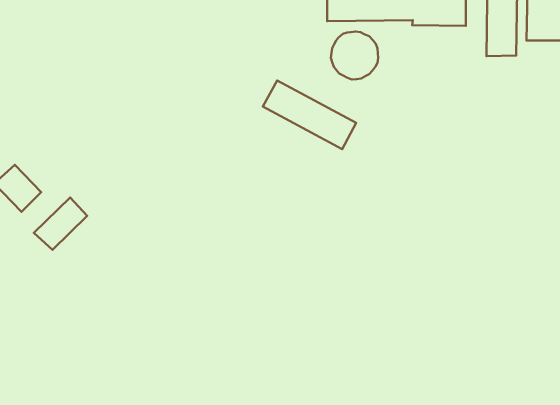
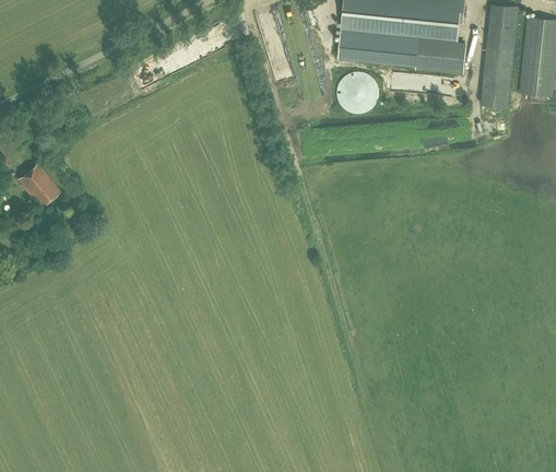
building: [263,81,356,149] -> none
building: [34,198,87,250] -> none

